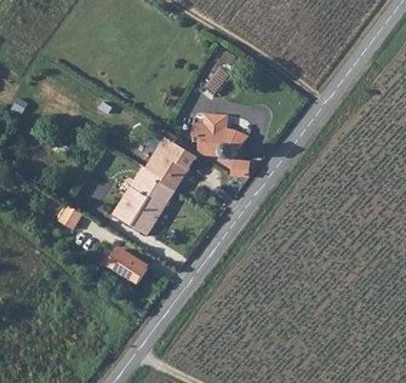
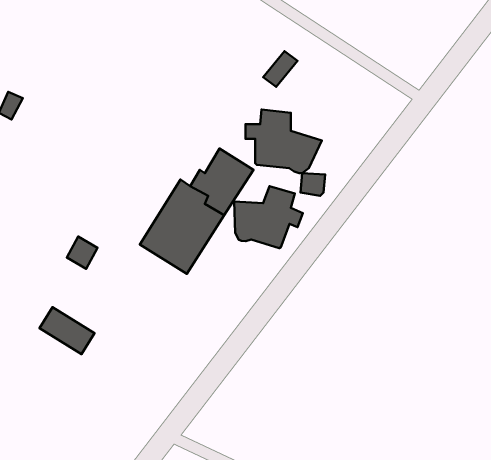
building: none -> [234,186,303,248]
building: [105,247,147,282] -> [39,307,95,354]

